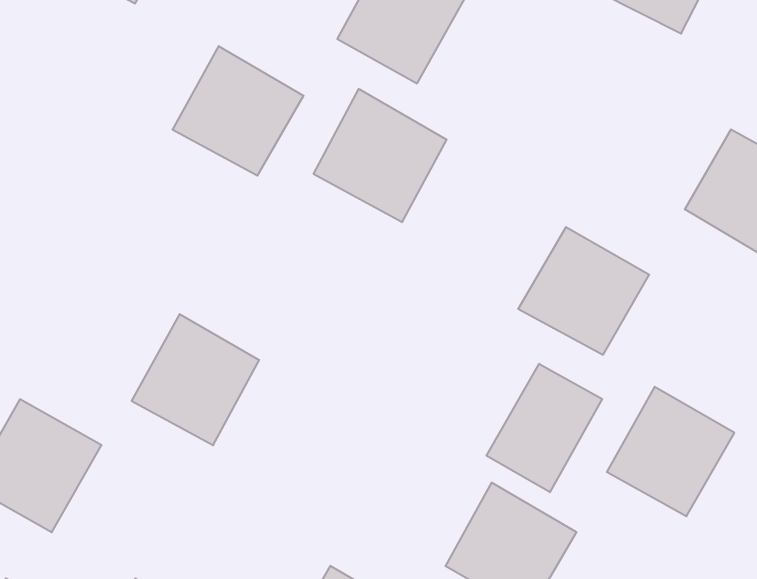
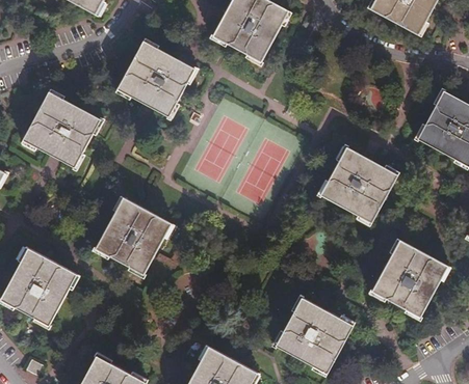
building: [314,89,447,222] -> none
building: none -> [23,91,100,167]
building: [486,364,602,492] -> none

